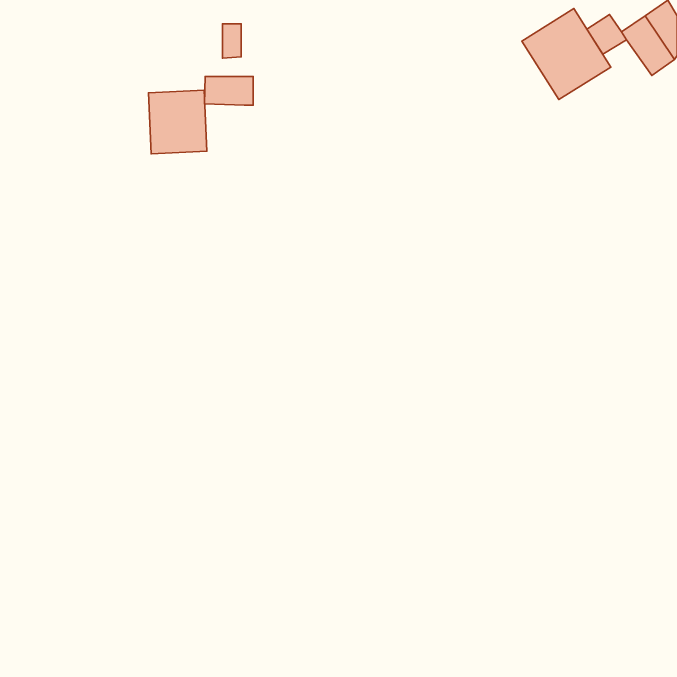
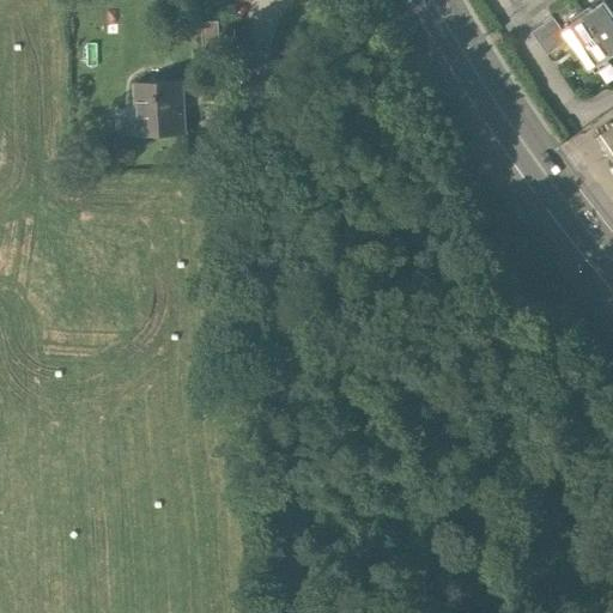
building: [522,9,611,100] -> none
building: [205,76,253,105] -> none

